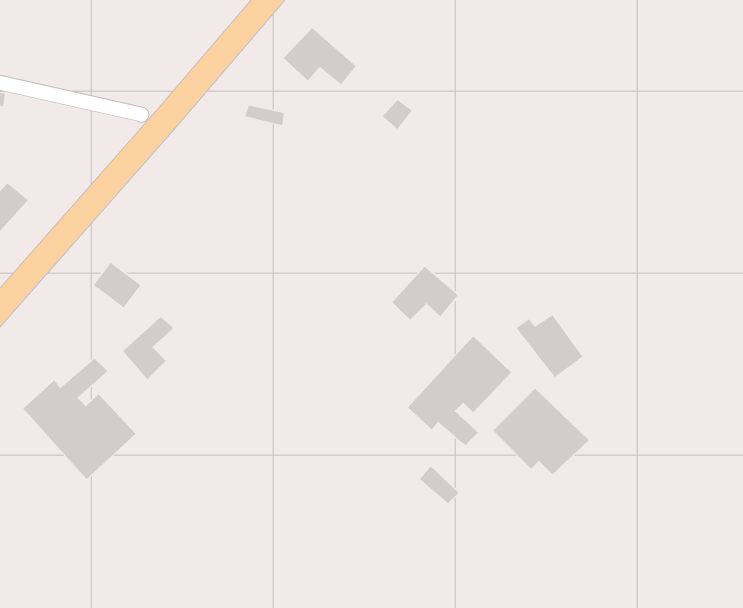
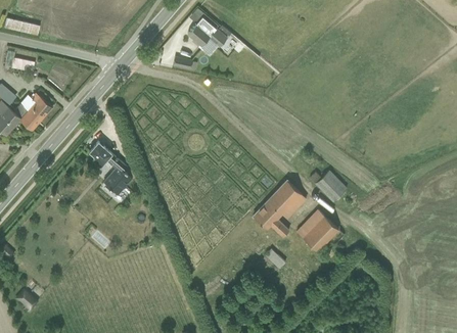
building: [391,266,459,321] -> none
building: [22,358,136,480] -> none

